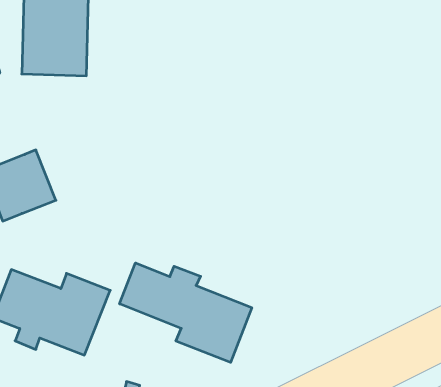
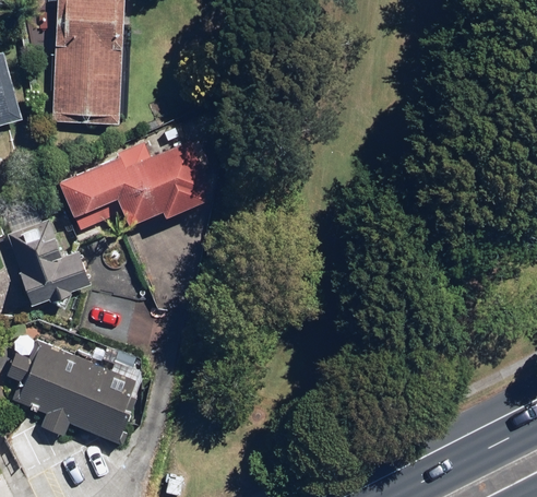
building: none -> [55,139,213,225]
building: [120,263,252,362] -> none

